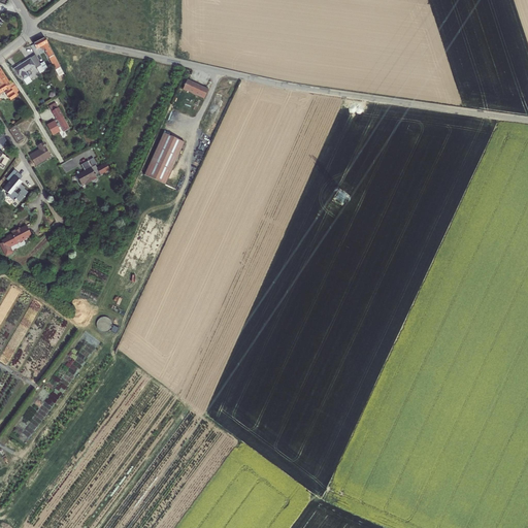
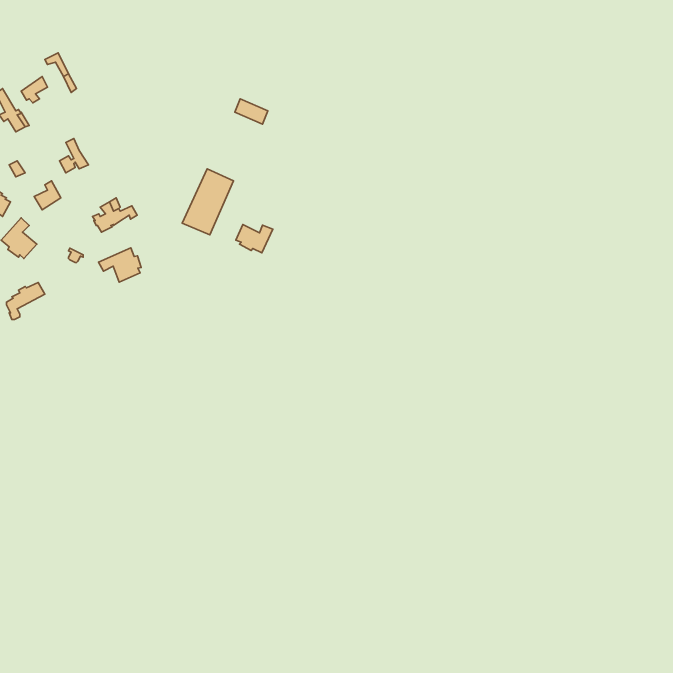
building: none -> [236,225,273,253]
building: none -> [99,248,141,282]

